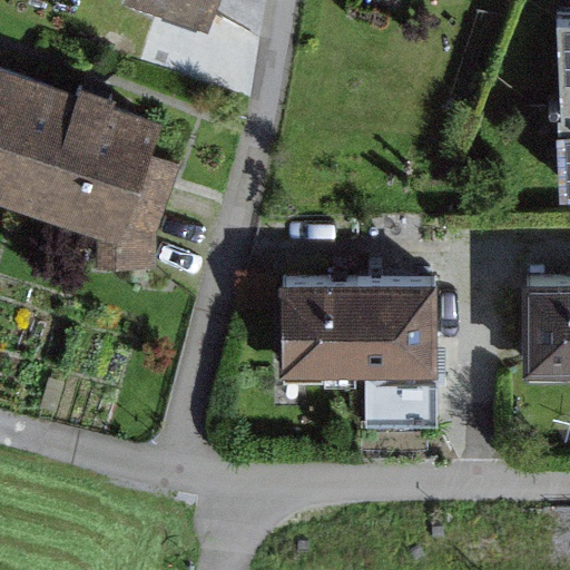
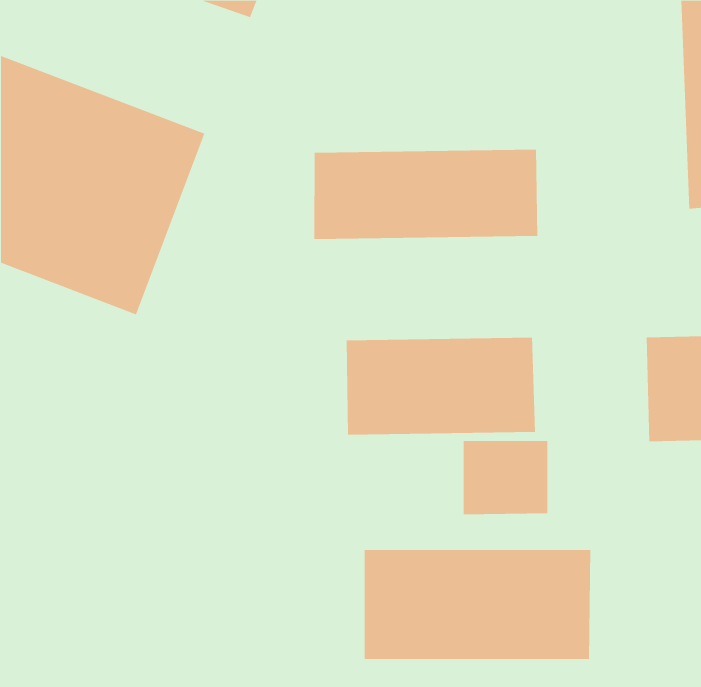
building: none -> [314,149,538,240]
building: none -> [364,549,591,660]

